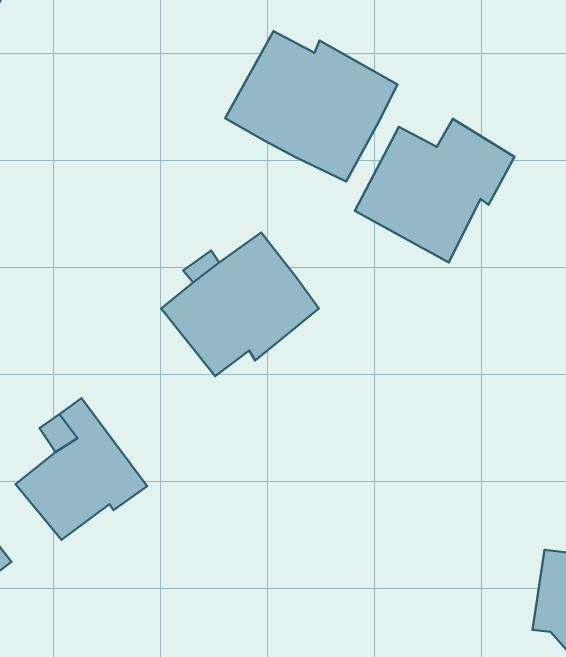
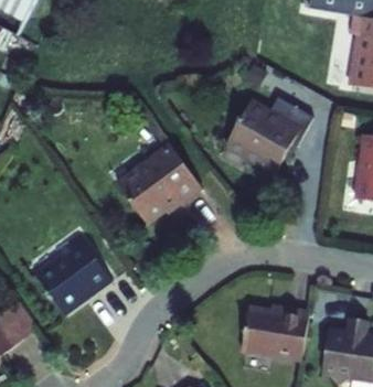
building: [225,31,397,182] -> none
building: none -> [244,303,310,357]

